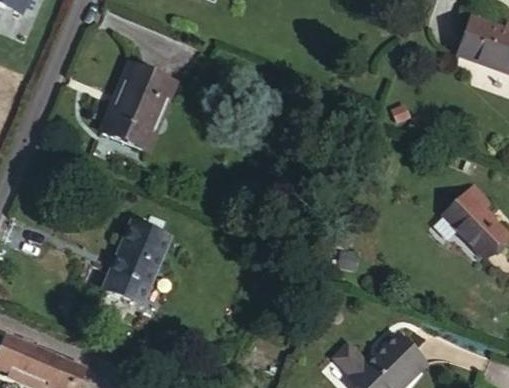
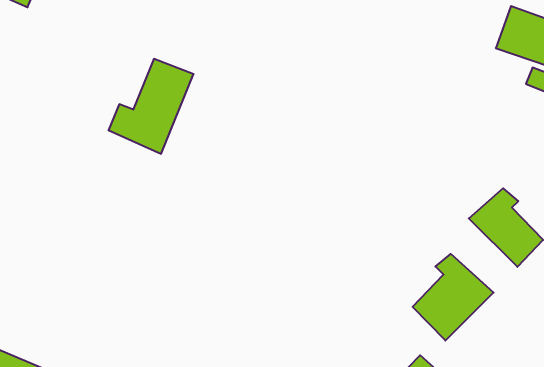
building: [103,222,168,305] -> none
building: none -> [413,254,494,341]

